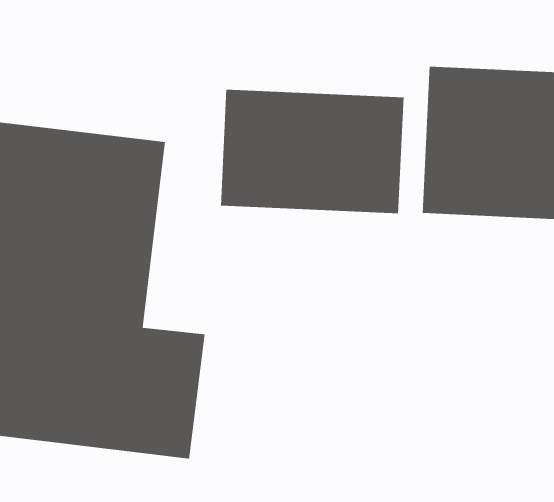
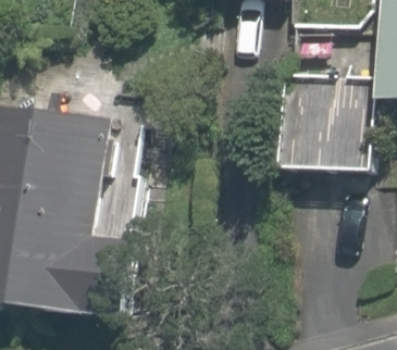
building: [220,89,404,214] -> none

